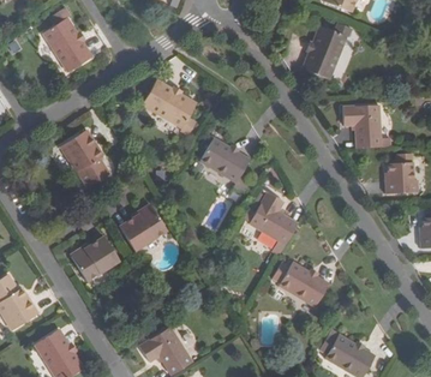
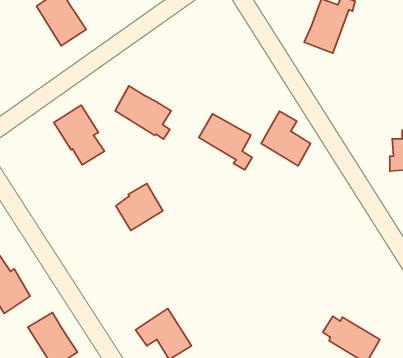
building: [143,80,197,132] -> [115,86,171,139]
building: [342,104,381,148] -> none
building: [250,192,298,245] -> [261,111,311,166]
building: [71,238,119,282] -> none
building: [274,262,329,306] -> none

